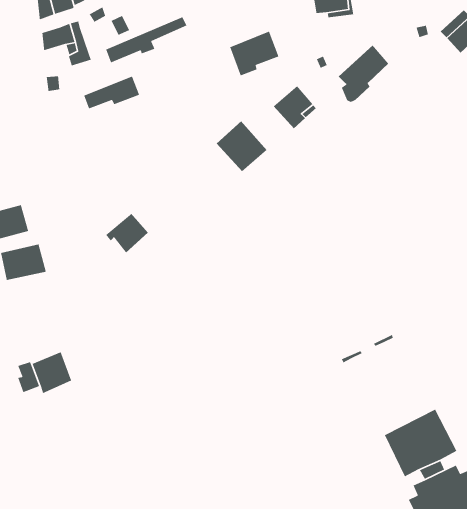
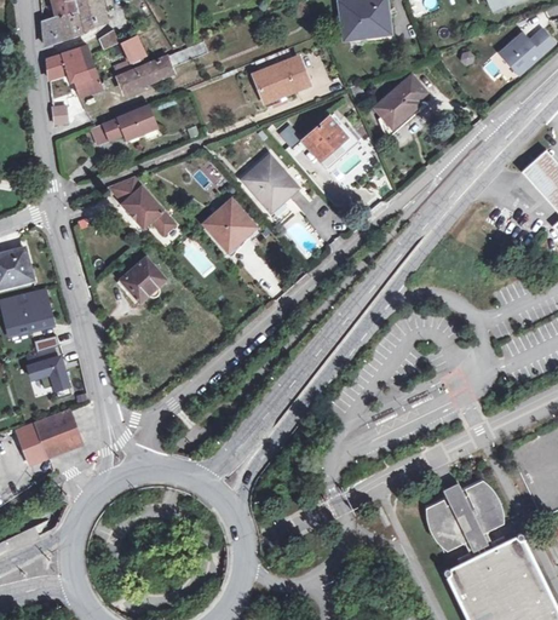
building: none -> [109,177,174,235]
building: none -> [207,200,252,252]
building: none -> [27,349,70,398]

